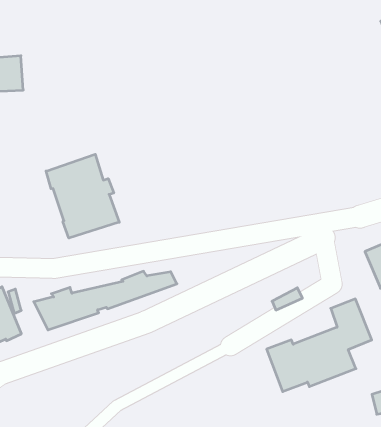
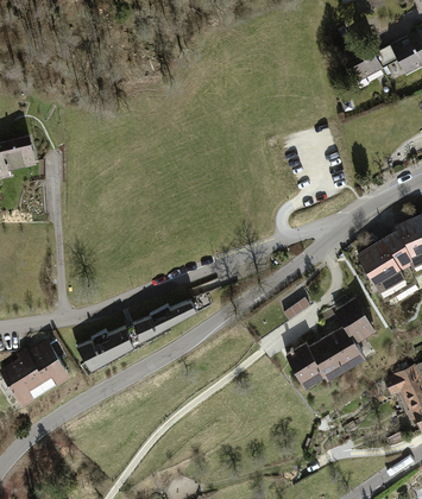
building: [46,154,119,238] -> none

